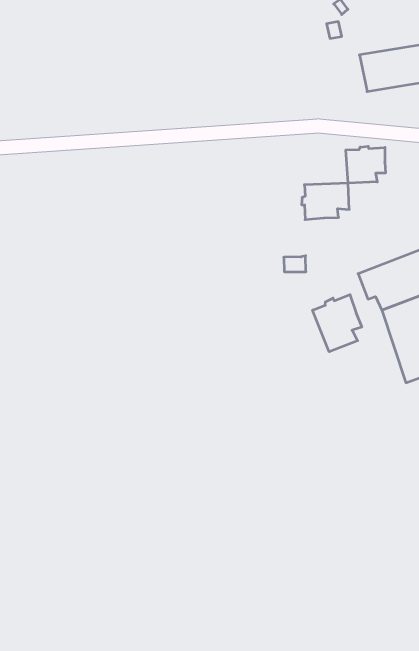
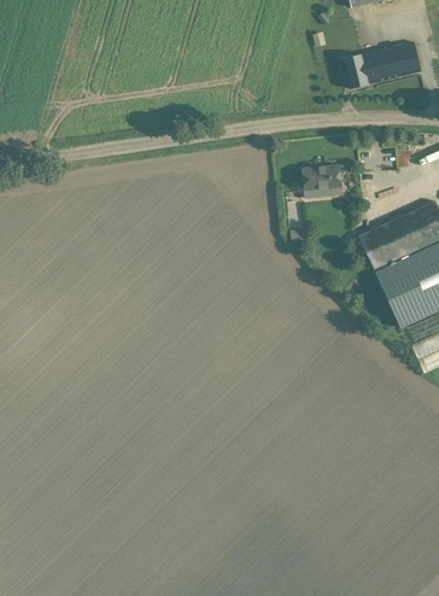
building: [346,146,385,183] -> none
building: [313,295,362,352] -> none

